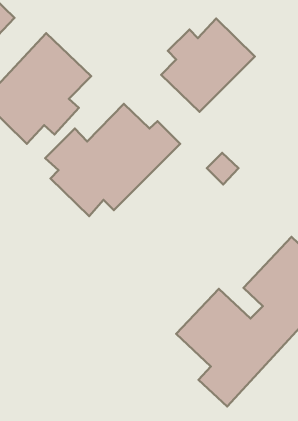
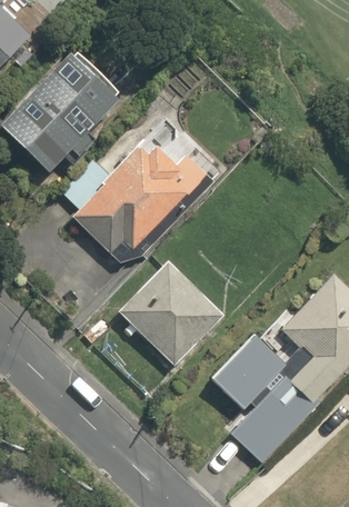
building: [161,19,255,112] -> none
building: none -> [116,261,223,369]

